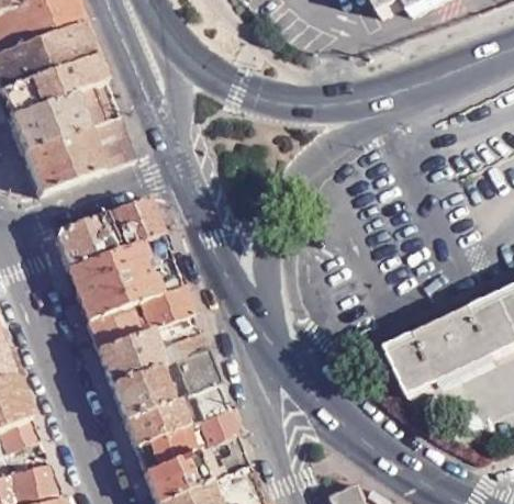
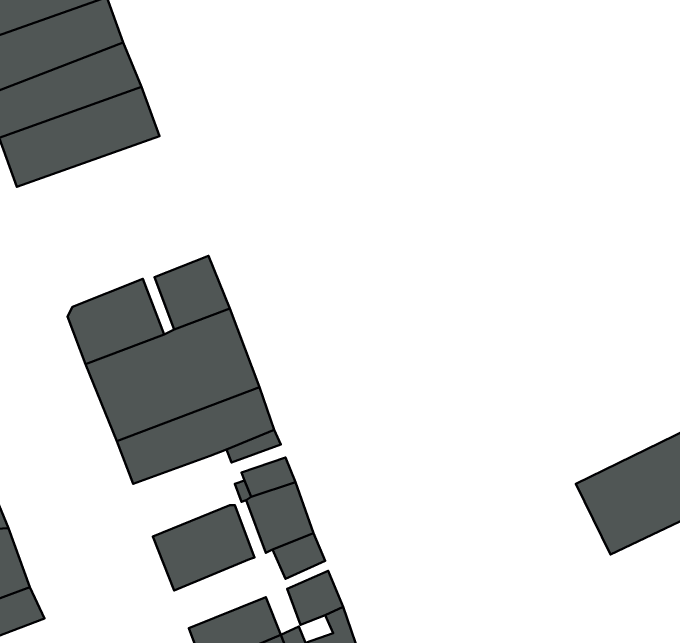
building: [20,115,133,191] -> none
building: [98,329,163,383] -> none
building: [125,399,187,445] -> none

